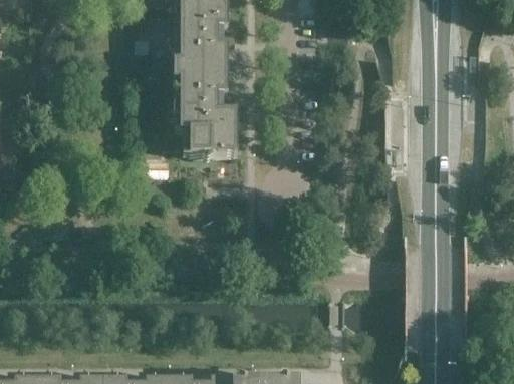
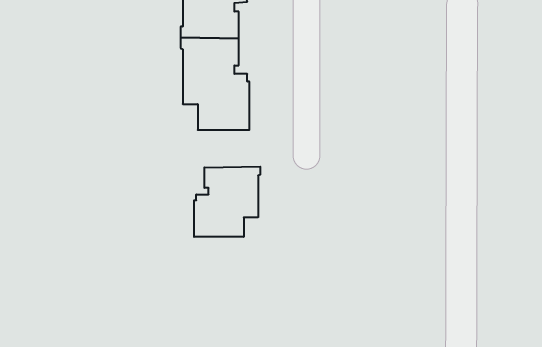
building: none -> [194,167,260,237]

